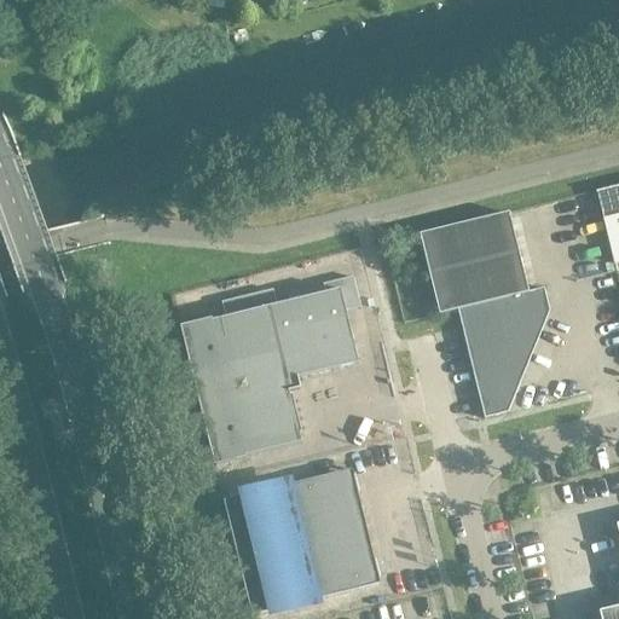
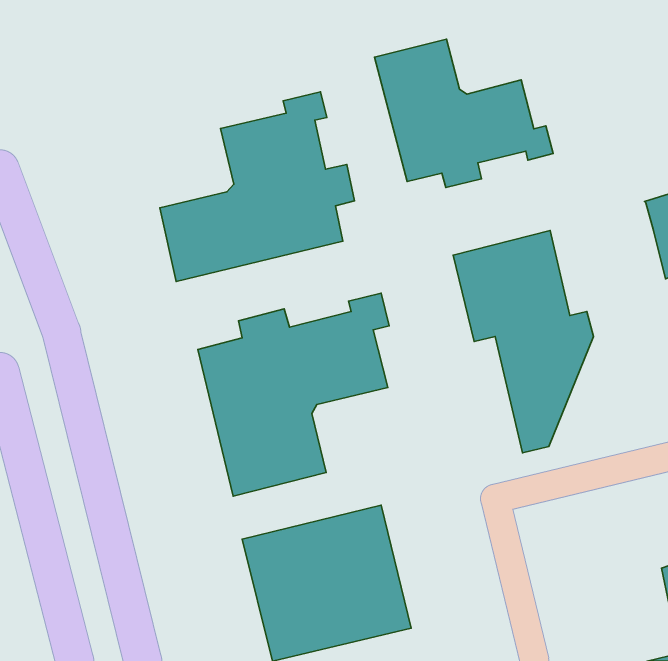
building: none -> [375,39,553,188]
building: none -> [160,92,355,281]

